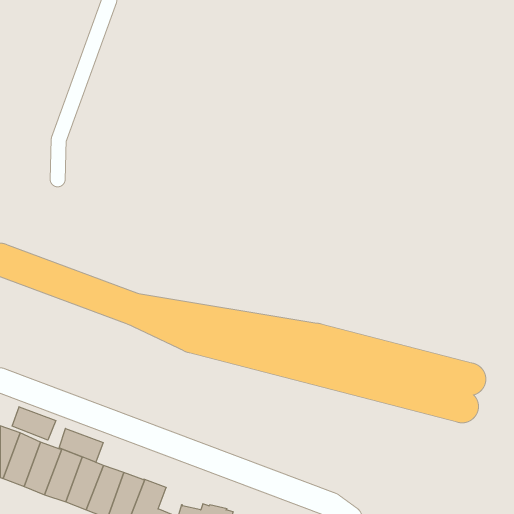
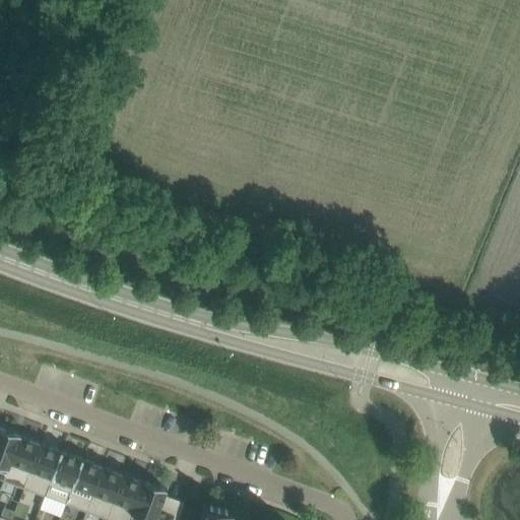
building: [12,407,56,440] -> none
building: [59,428,103,462] -> none

